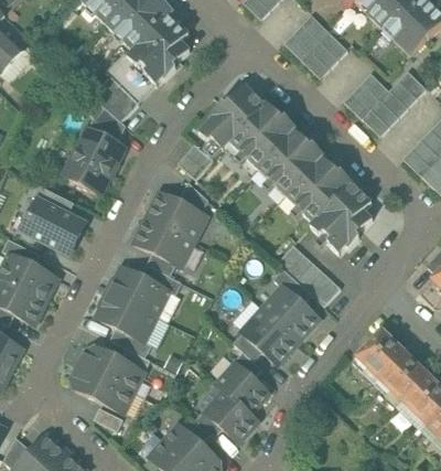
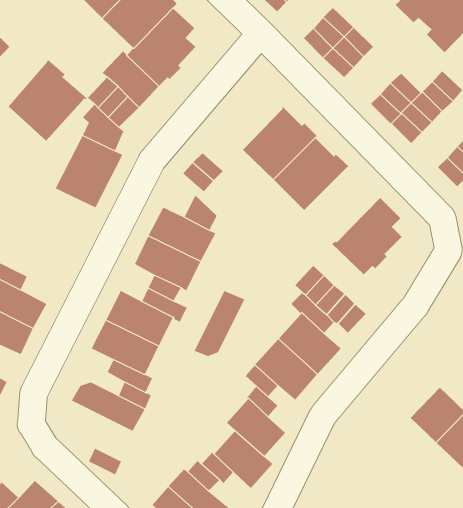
building: none -> [8,59,87,142]
building: [198,85,266,149] -> none
building: [286,158,353,223] -> none
building: [23,201,84,254] -> none
building: none -> [194,290,245,357]
building: [355,329,406,379] -> none
building: [72,364,133,413] -> none

